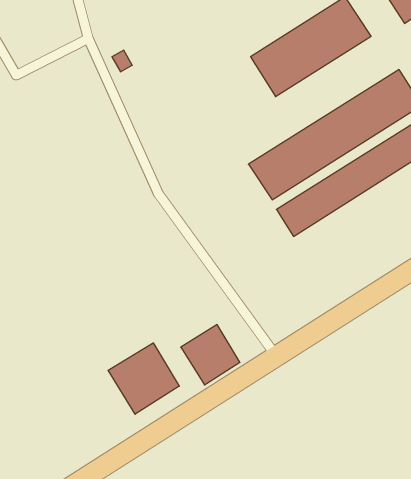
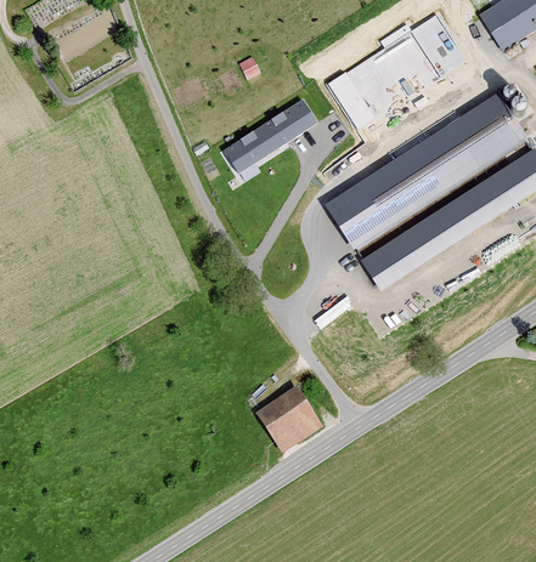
building: none -> [224,92,320,171]
building: [108,343,179,414] -> none

